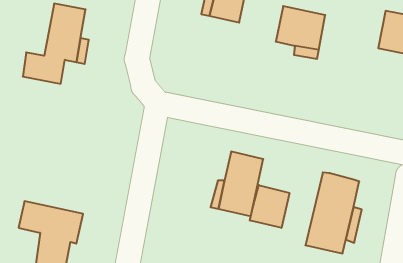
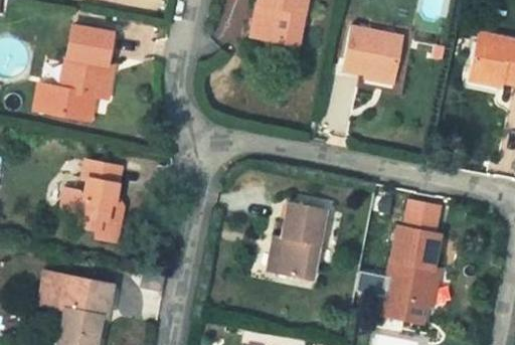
building: none -> [59,153,121,235]
building: none -> [411,203,448,237]
building: [250,185,289,228] -> none

